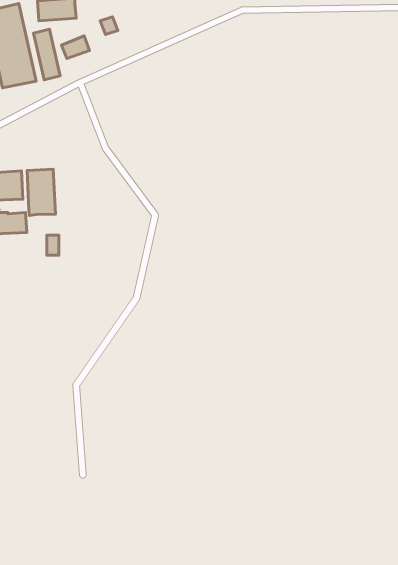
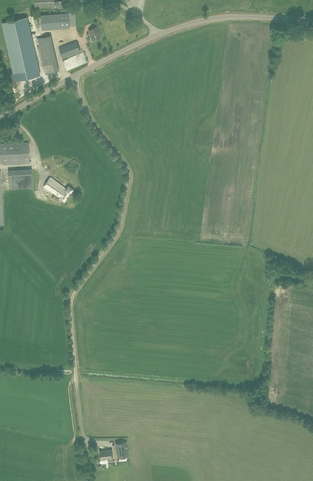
building: [27,169,55,215] -> none

